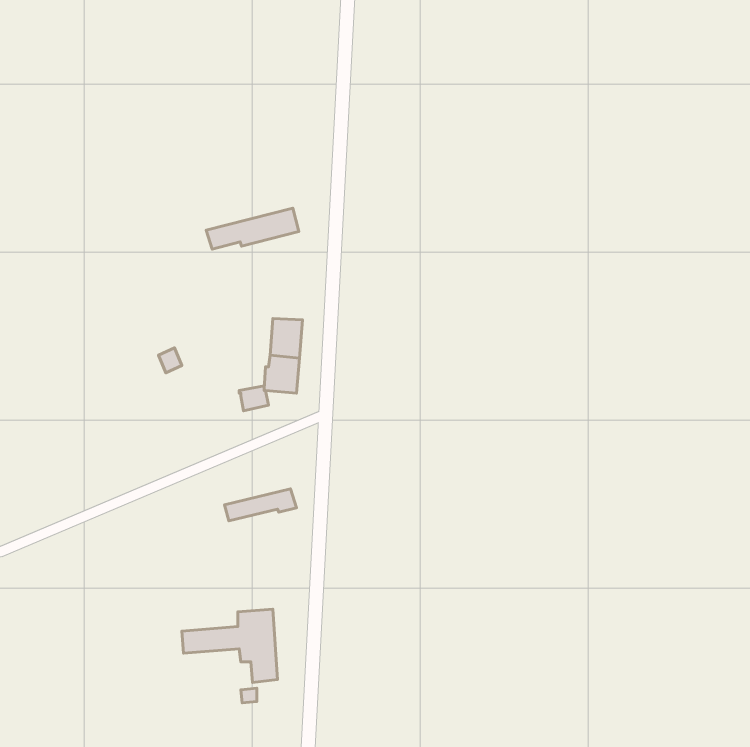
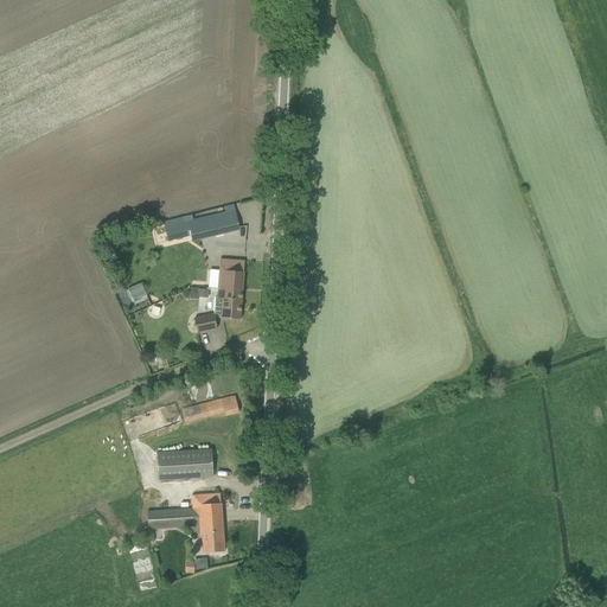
building: [206,208,299,249] -> [165,207,239,241]
building: none -> [156,448,213,478]

